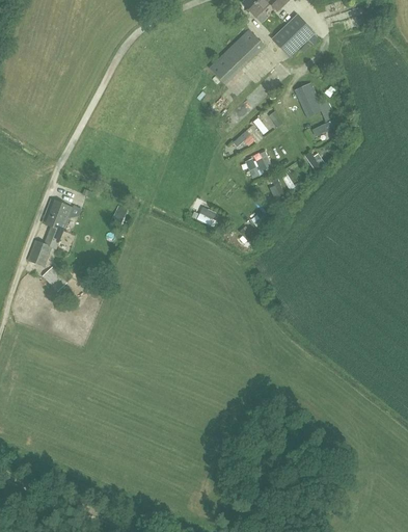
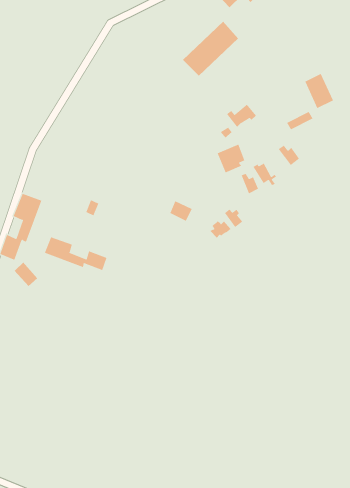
building: [271,12,320,57] -> none
building: [294,81,323,116] -> [304,73,334,109]
building: none -> [44,237,107,271]

